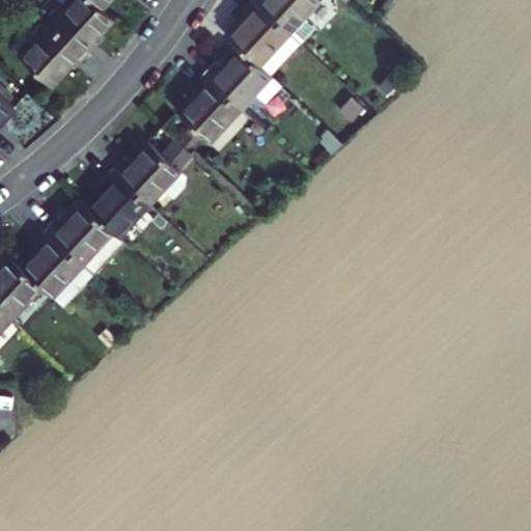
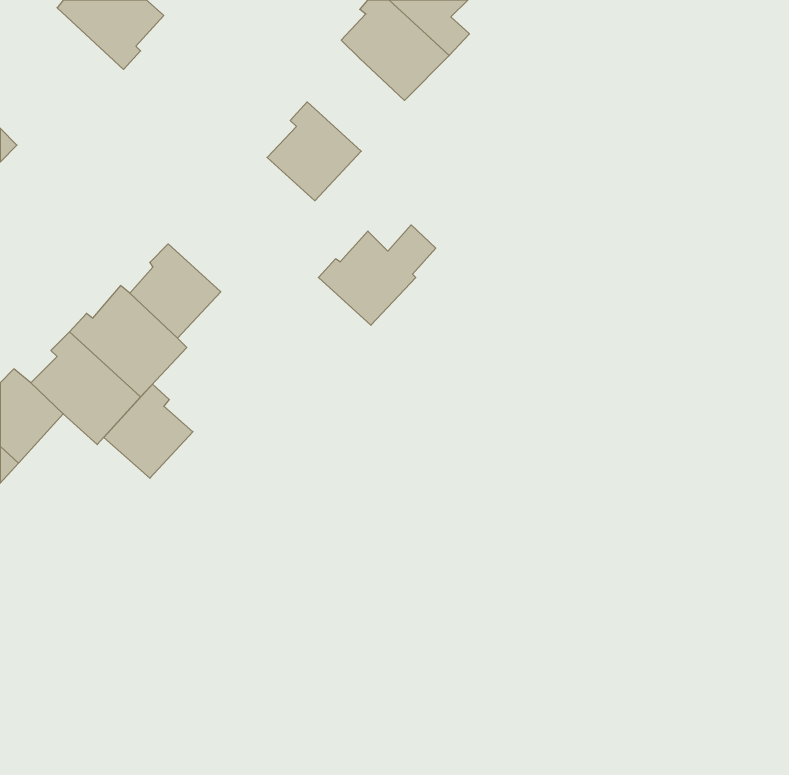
building: [18,15,83,85] -> none
building: [206,49,274,111] -> none
building: [113,138,192,205] -> [318,225,436,325]
building: none -> [104,384,193,478]

